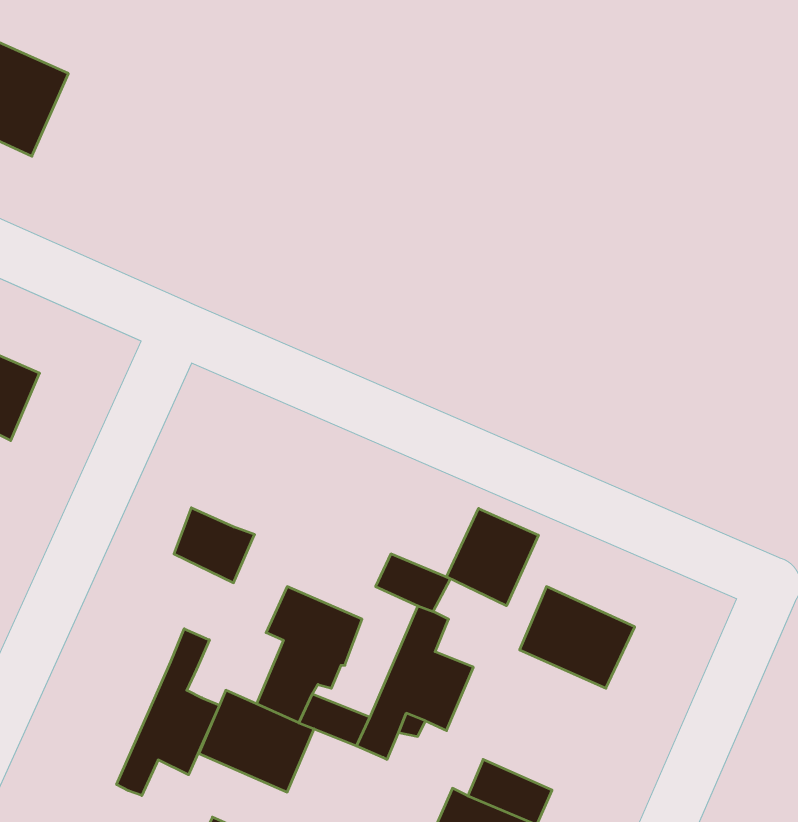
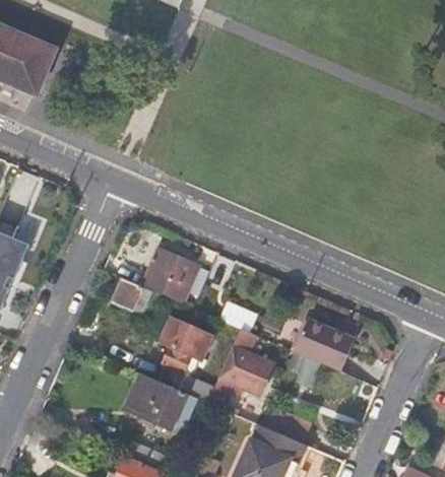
building: none -> [143,250,197,303]
building: [446,508,538,606] -> none
building: [117,629,220,796] -> none

